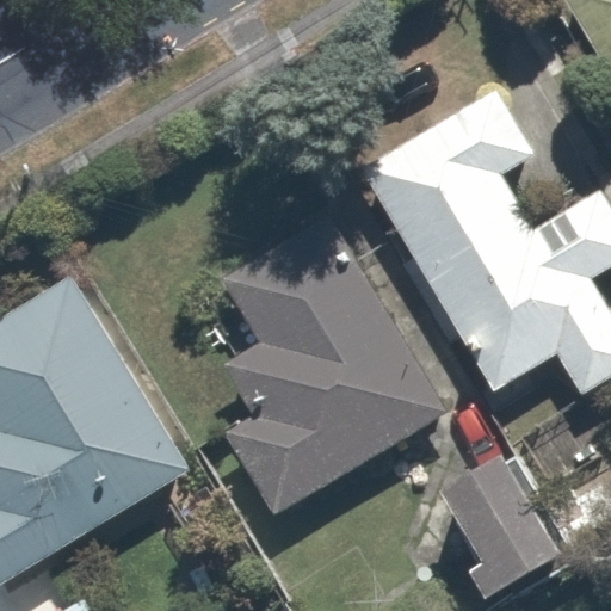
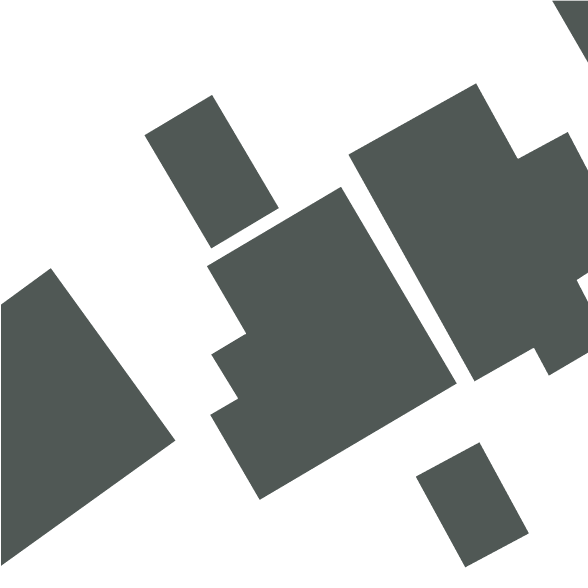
building: none -> [144,94,280,249]

